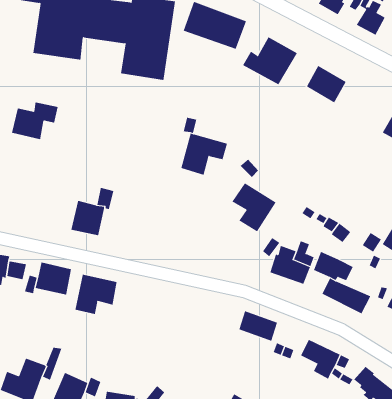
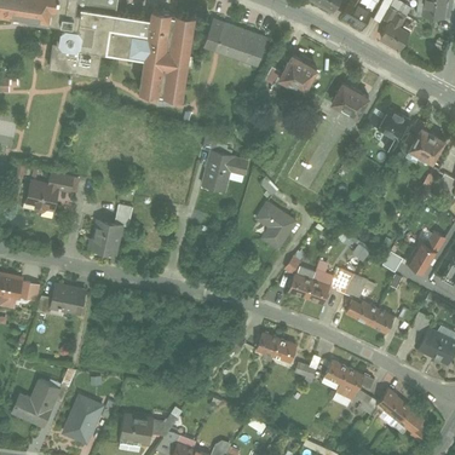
building: none -> [375,104,410,151]
building: [11,102,58,140] -> [24,171,73,209]
building: [75,274,117,315] -> none

